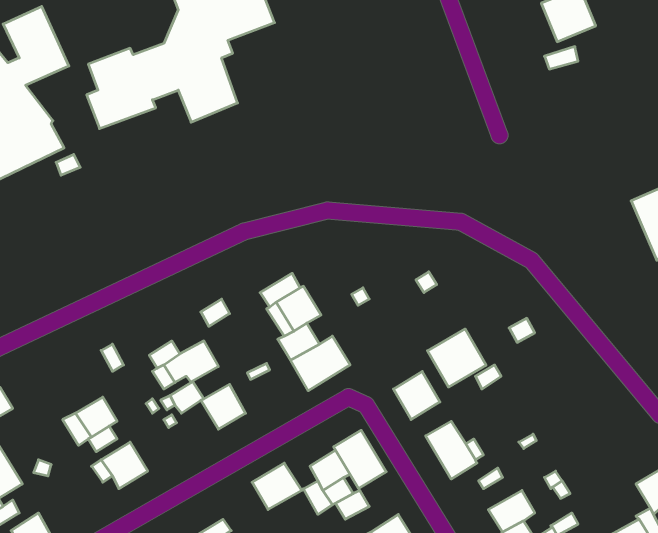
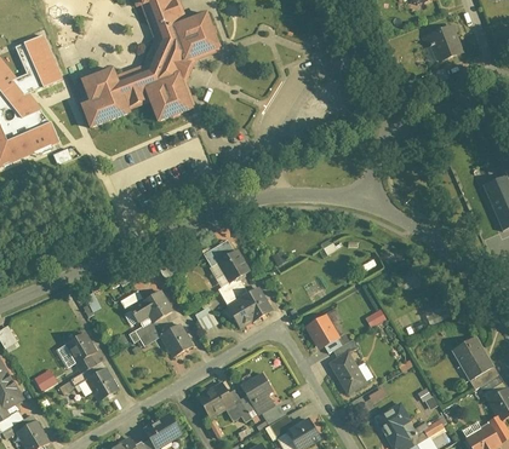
building: [427,329,486,387] -> none
building: none -> [453,334,496,378]
building: [334,430,386,488] -> none

